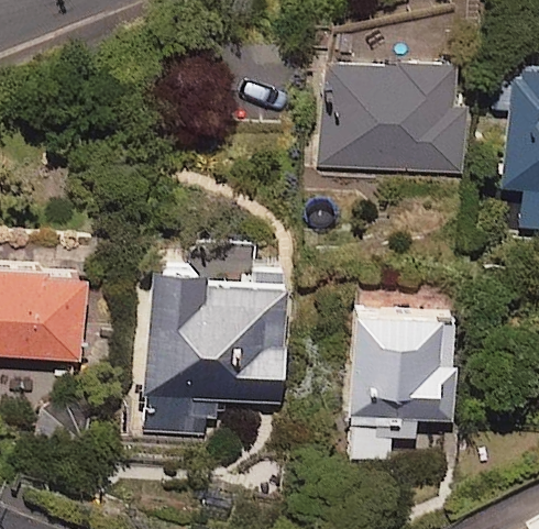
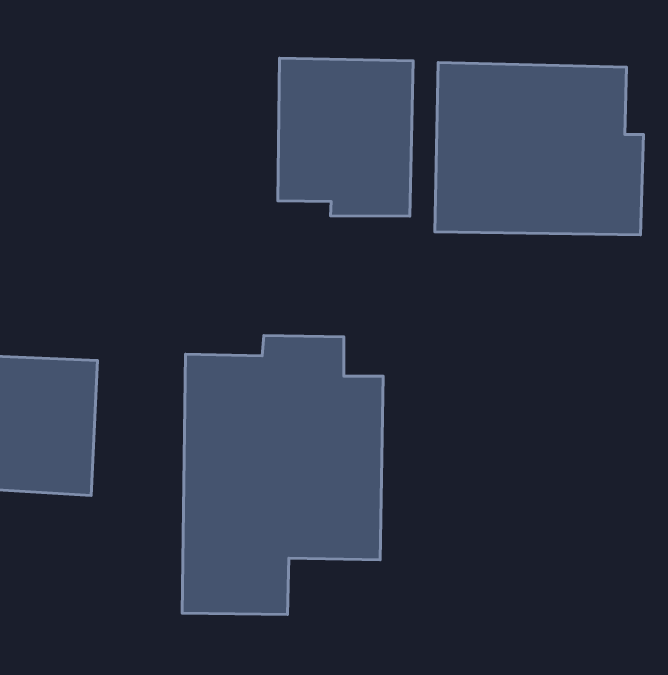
building: none -> [278,58,413,216]
building: [352,301,453,469] -> none

